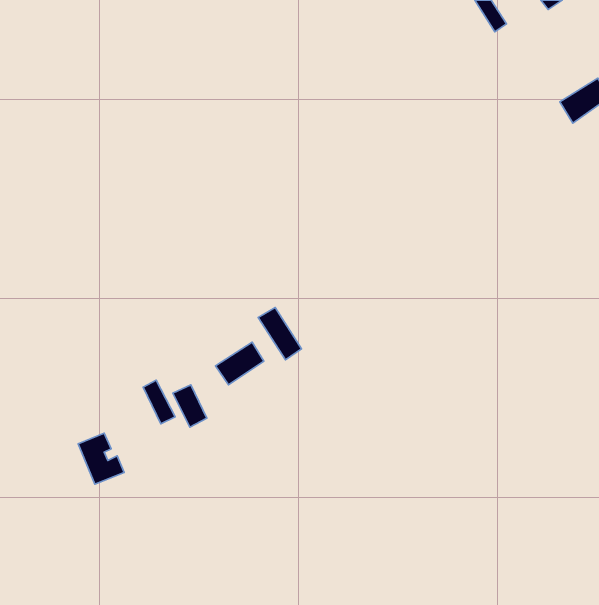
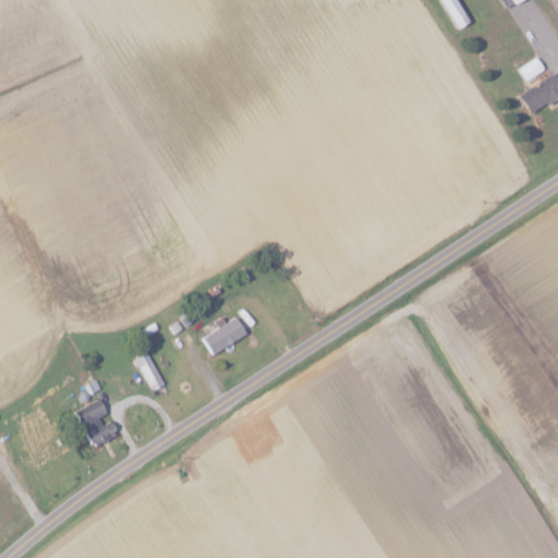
building: [258,307,301,360] -> none
building: [173,385,207,427] -> none

